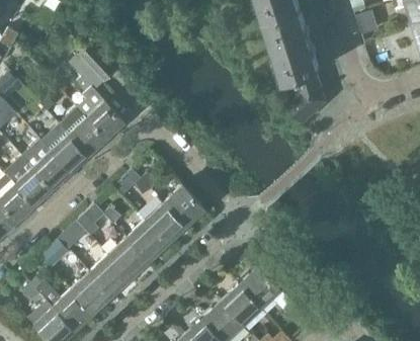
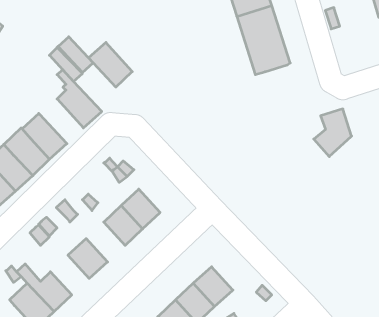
building: [286,75,326,124] -> [314,109,352,157]
building: [59,110,104,157] -> [89,42,132,87]
building: [162,186,203,229] -> none
building: [107,239,148,280] -> none
building: [238,268,278,310] -> none
building: [70,273,110,315] -> none

